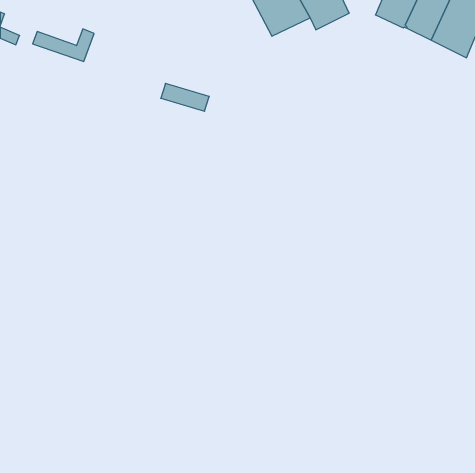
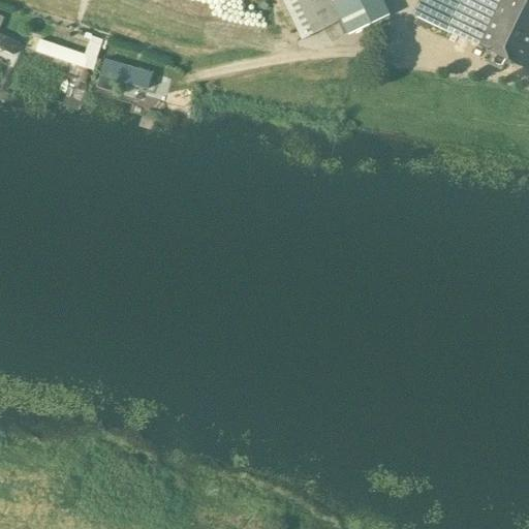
building: [161,83,209,111] -> [100,55,154,86]

